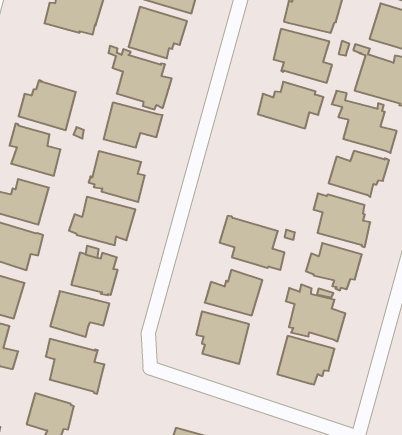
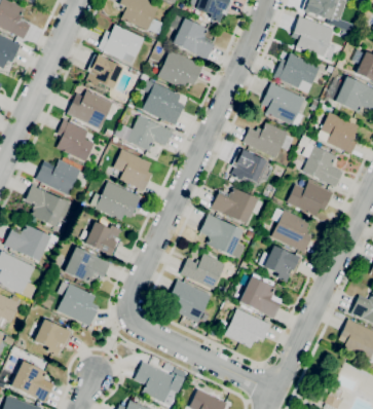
building: none -> [86,53,123,89]
building: none -> [231,149,269,184]
building: none -> [211,187,263,225]

